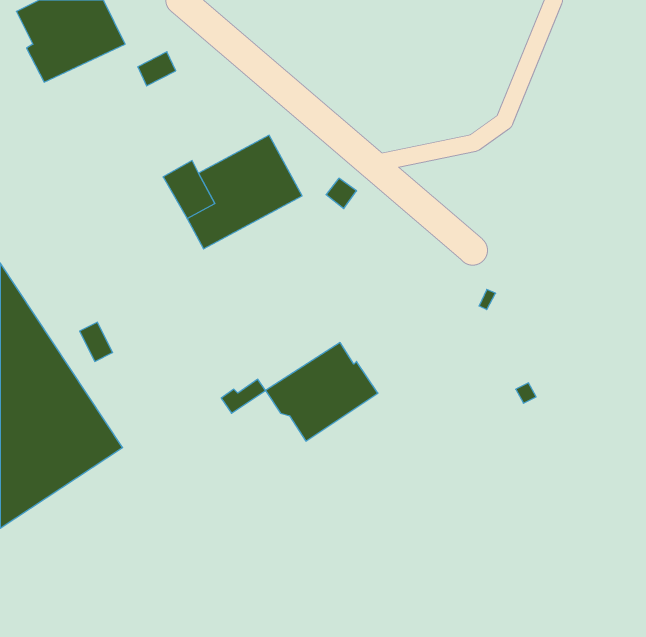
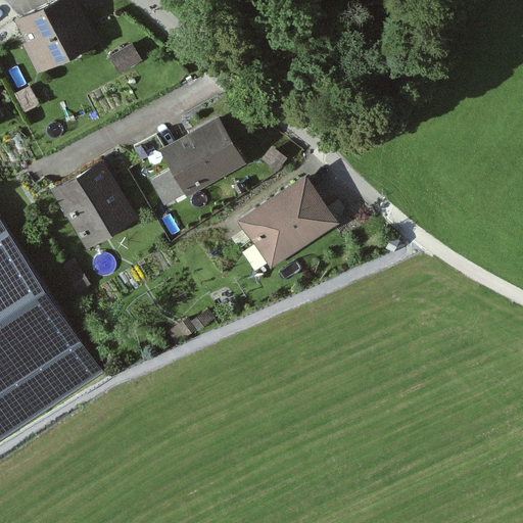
building: none -> [51,160,138,250]
building: [265,343,378,441] -> [239,185,330,265]

